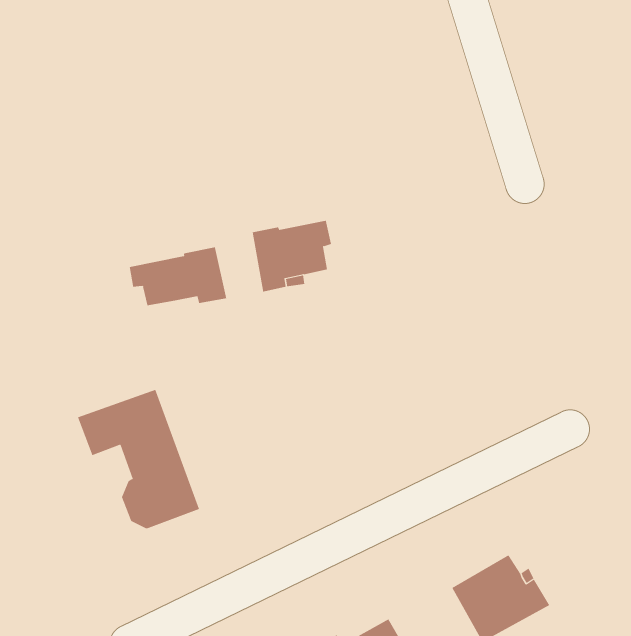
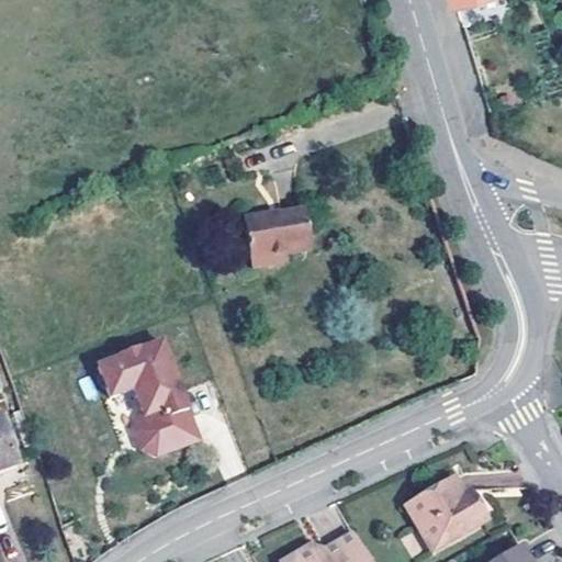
building: [129,247,227,306] -> none

